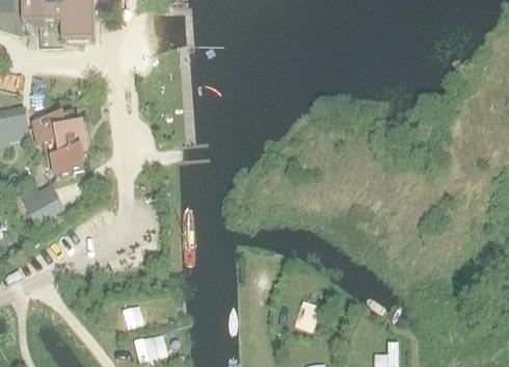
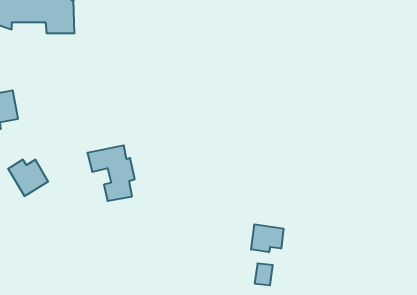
building: [31,113,85,177] -> [87,145,135,201]
building: none -> [251,224,284,252]

